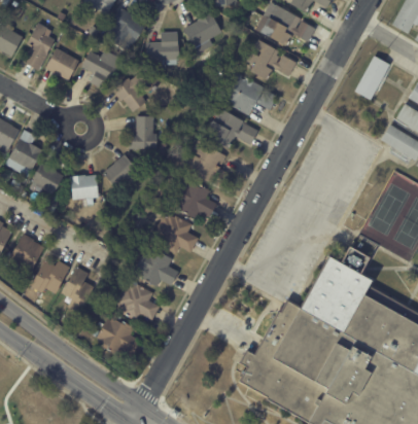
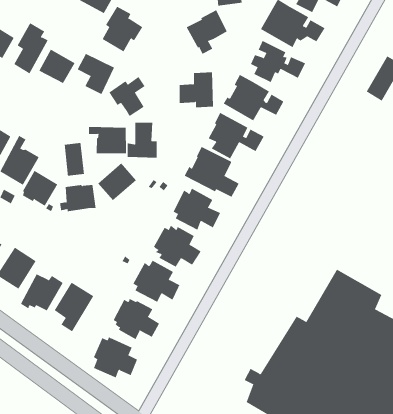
building: [147,32,180,66] -> [179,72,214,108]
building: none -> [88,126,126,154]
building: none -> [64,142,84,176]

